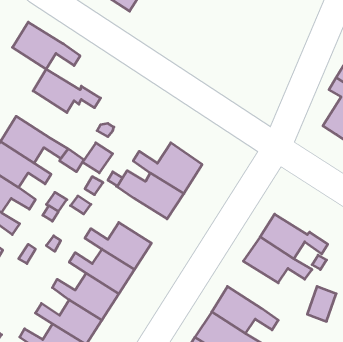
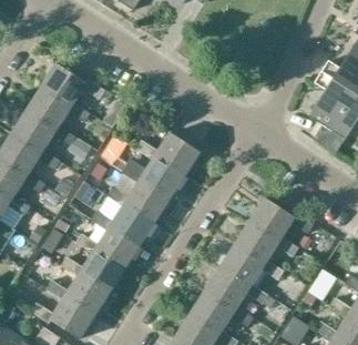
building: [12,22,80,69] -> [28,84,90,128]
building: none -> [105,183,166,224]
building: none -> [222,241,284,284]

